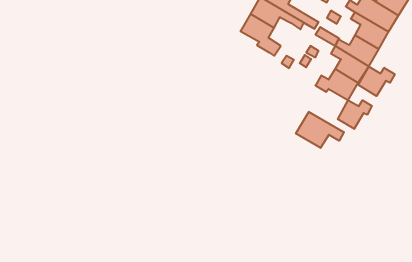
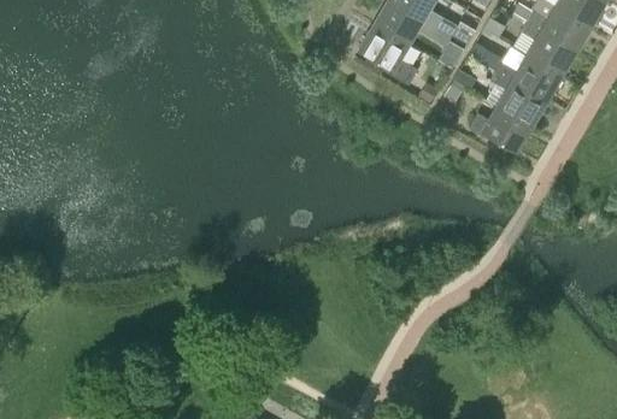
building: [358,66,395,96] -> none
building: [338,100,372,129] -> none
building: [296,112,344,148] -> none

